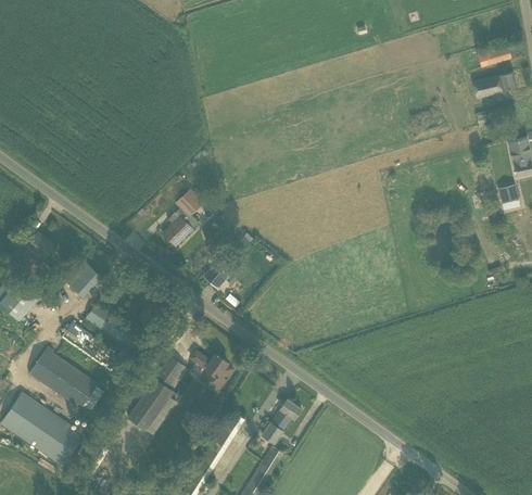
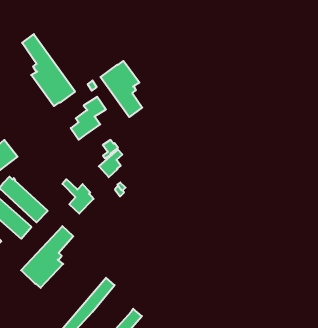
building: none -> [22,34,75,106]
building: none -> [100,61,142,117]
building: [191,351,232,391] -> [62,179,94,214]
building: [261,398,301,443] -> none

